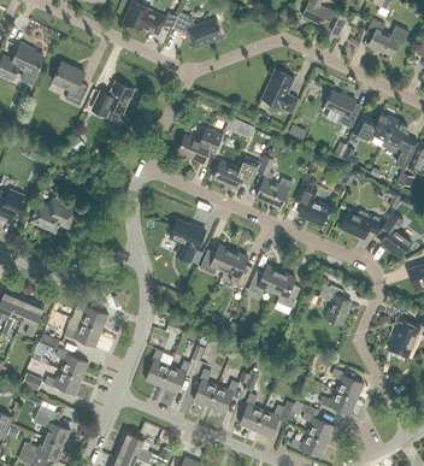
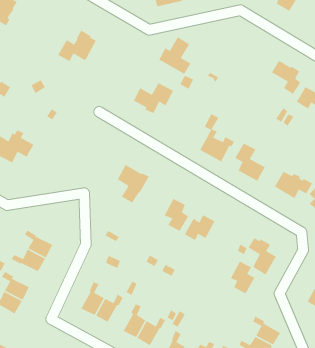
building: [52,61,88,106] -> none
building: [261,71,298,112] -> [158,36,191,75]
building: [213,157,260,188] -> none
building: [199,244,232,275] -> none
building: [272,271,300,307] -> [230,260,255,295]

